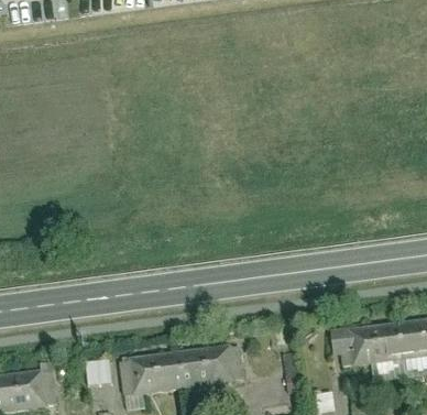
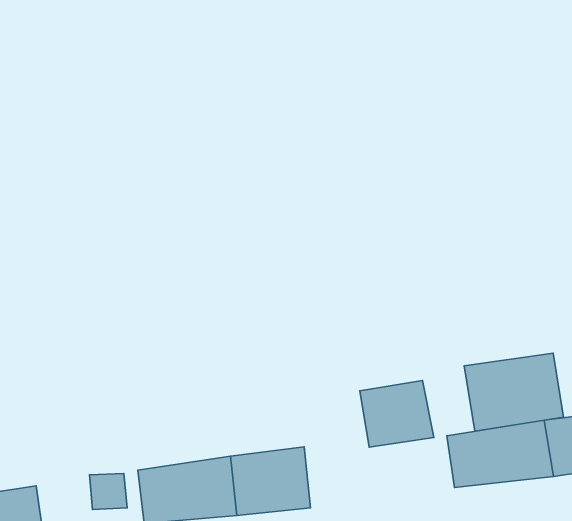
building: none -> [464,353,563,431]
building: none -> [360,380,434,447]

